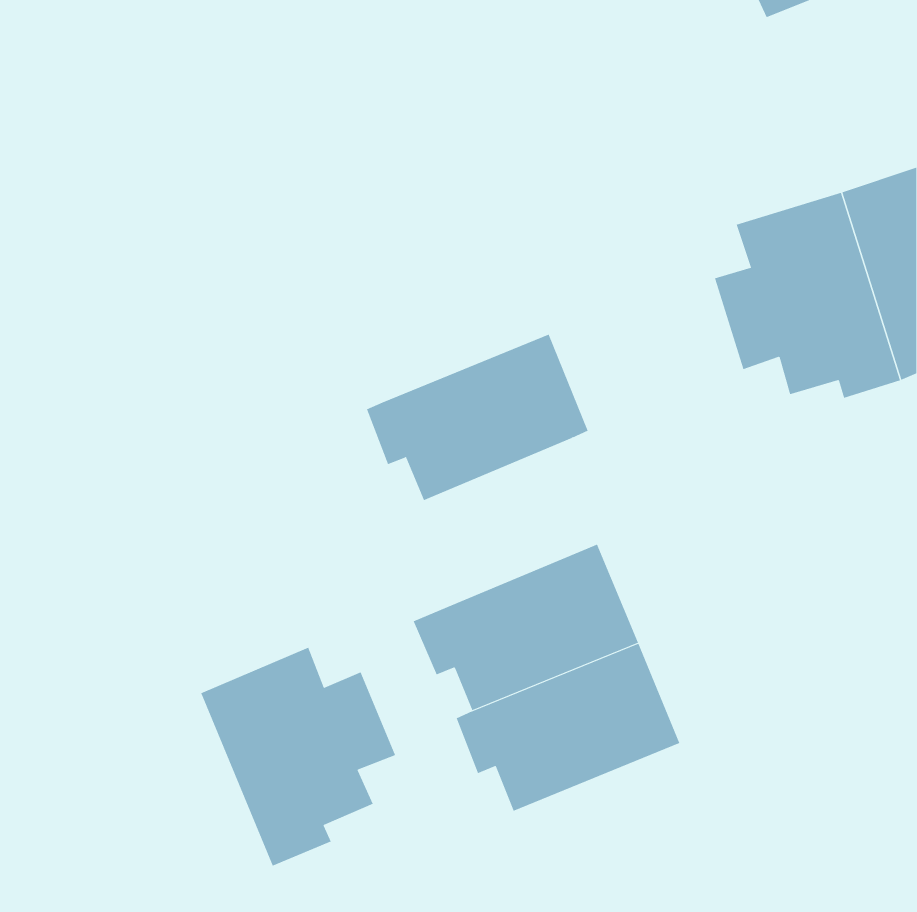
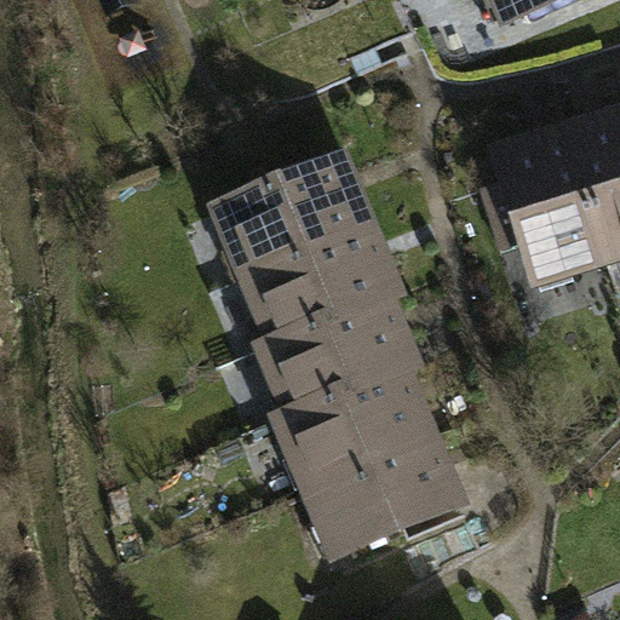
building: none -> [218,157,371,271]
building: none -> [263,295,414,409]
building: [200,647,396,866] -> none

